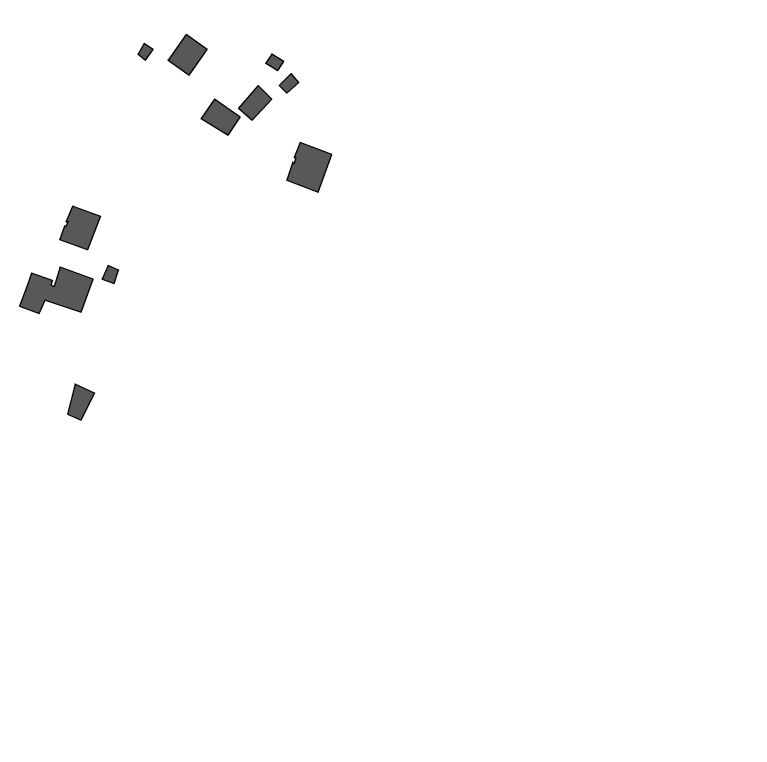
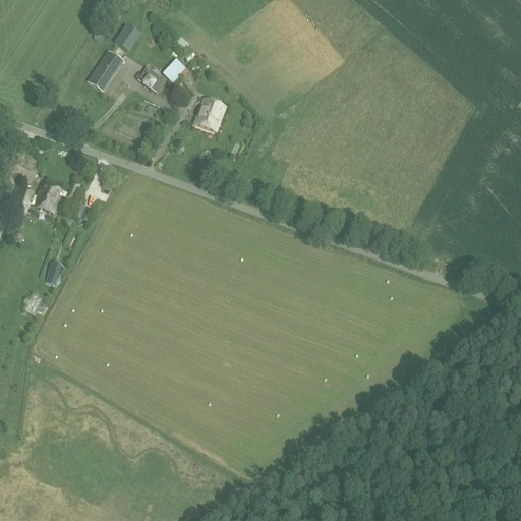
building: none -> [88,50,124,92]
building: [60,206,101,250] -> none

